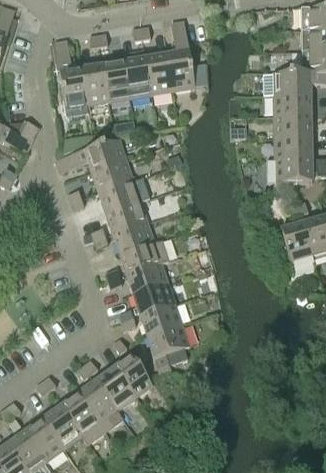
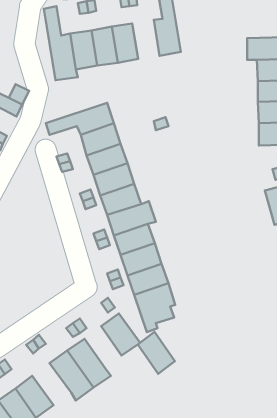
building: [145,52,173,92] -> none
building: [96,366,134,409] -> [138,332,175,374]
building: [42,404,82,447] -> none

